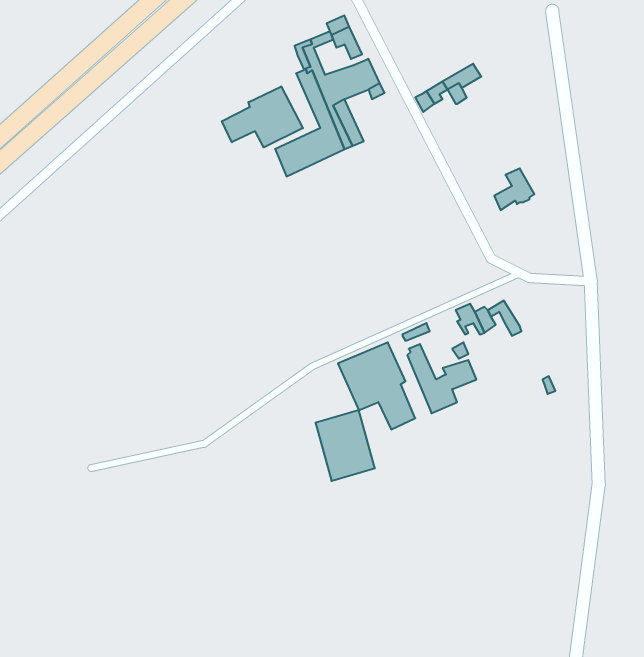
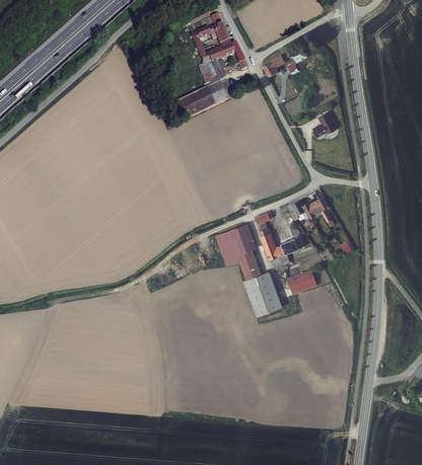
building: [222,86,303,147] -> none
building: [315,410,375,481] -> [245,275,283,319]
building: none -> [287,267,316,291]

